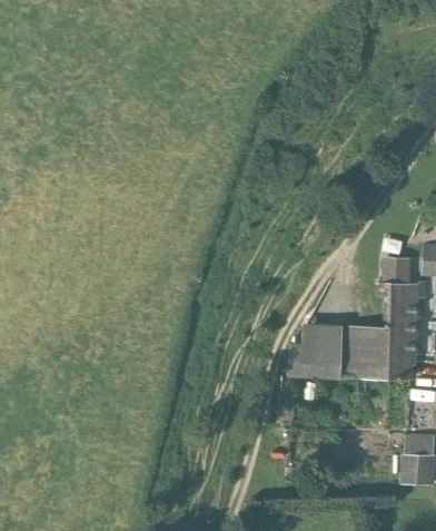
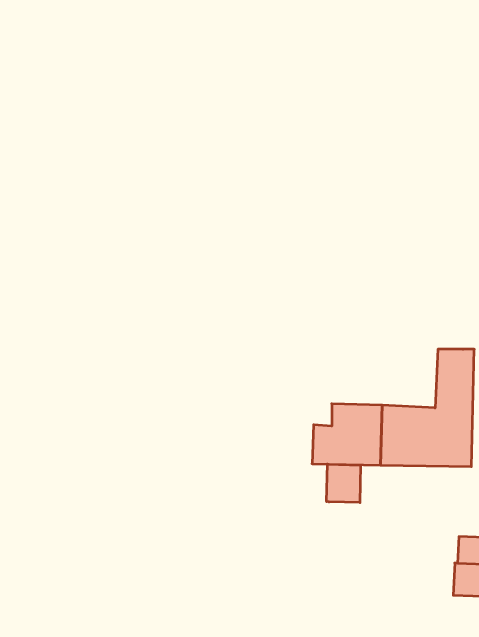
building: [386,257,413,284] -> none
building: none -> [327,464,361,503]

